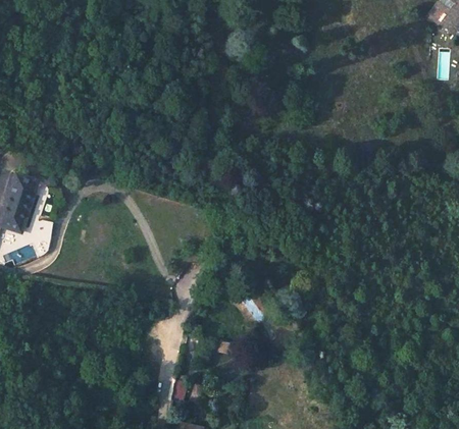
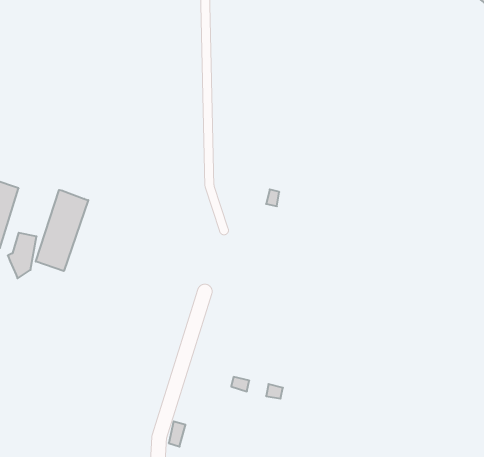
building: none -> [36,190,88,271]

